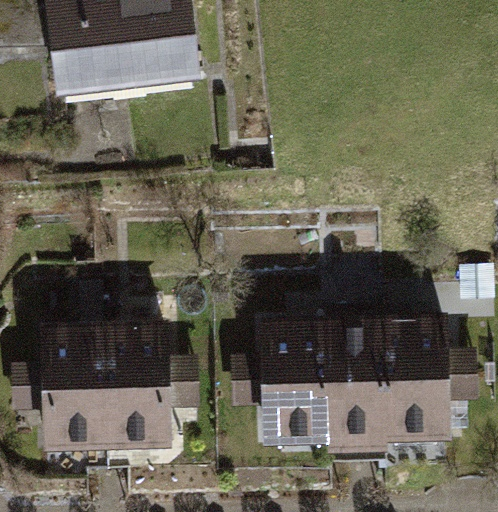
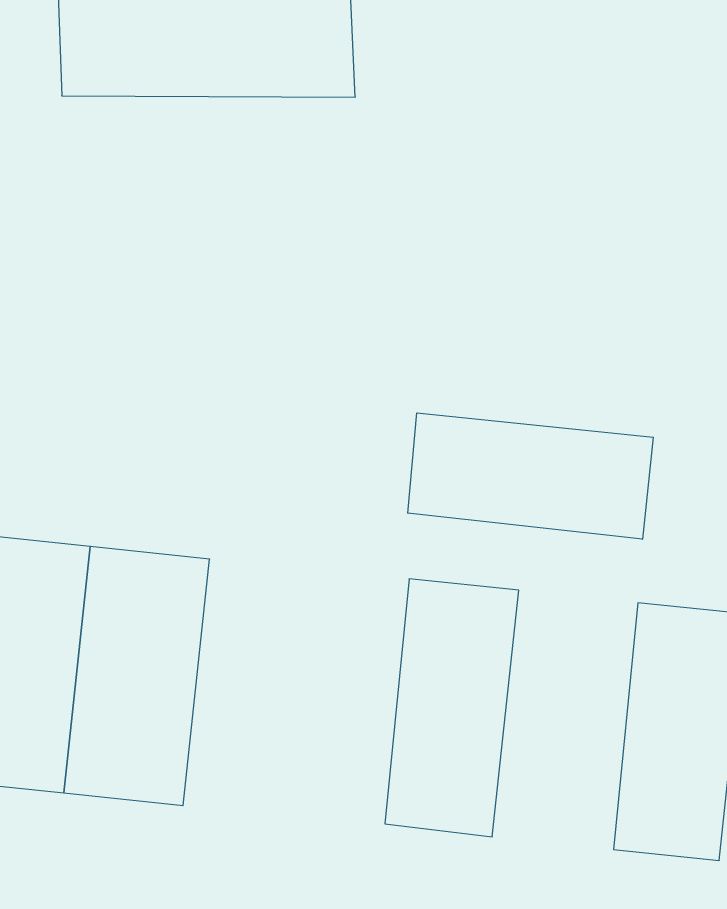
building: none -> [408,413,653,539]
building: [323,312,389,440] -> none

